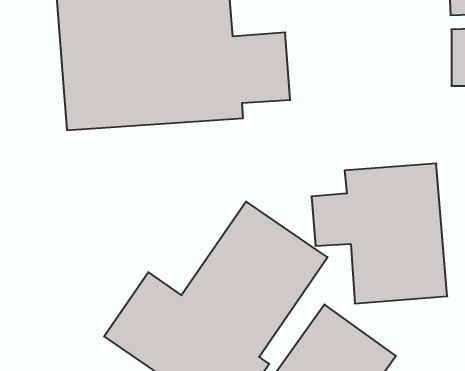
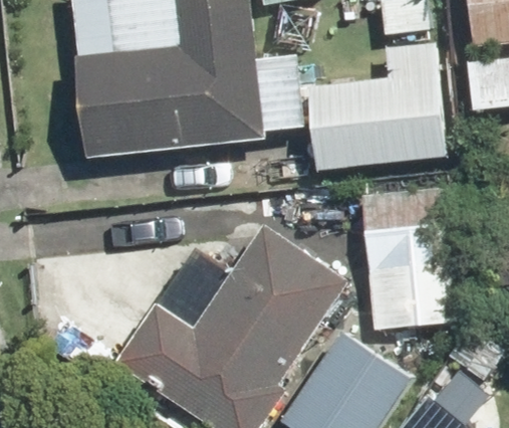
building: none -> [308,43,446,168]

